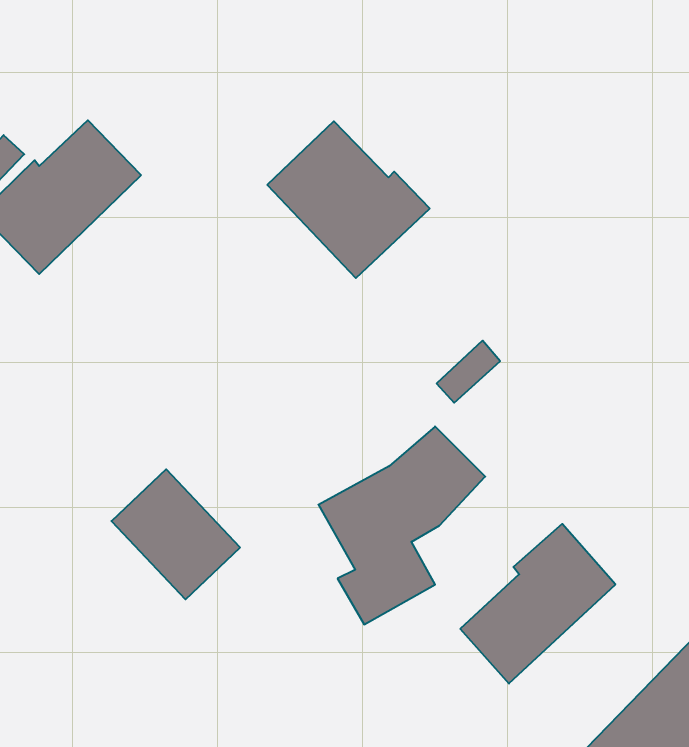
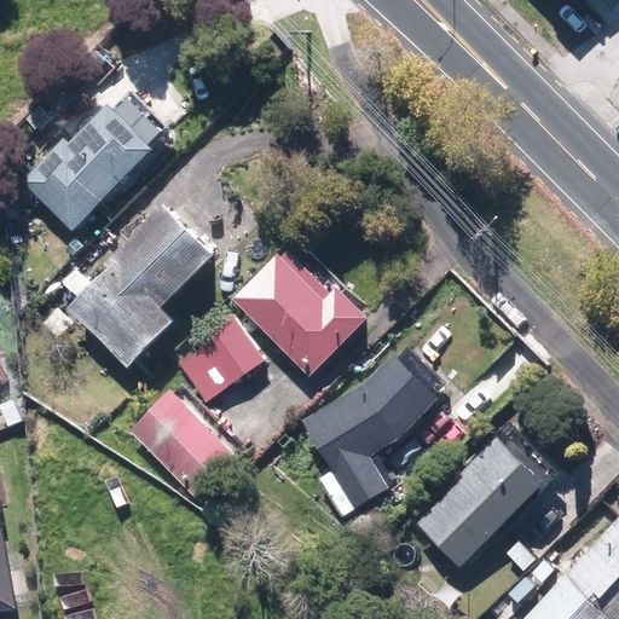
building: [267,121,430,278] -> [233,245,366,374]
building: none -> [70,206,214,368]
building: none -> [175,316,262,401]

